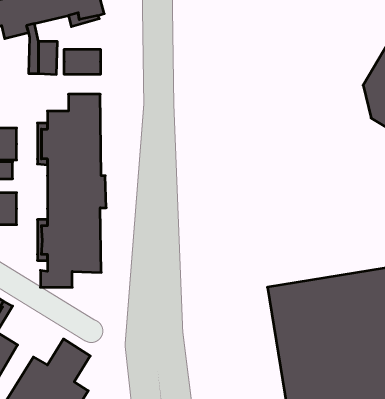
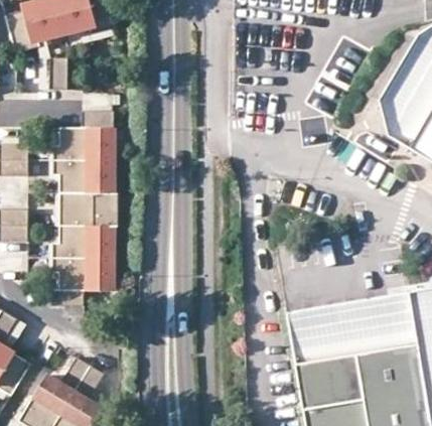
building: [64,49,100,74] -> none

